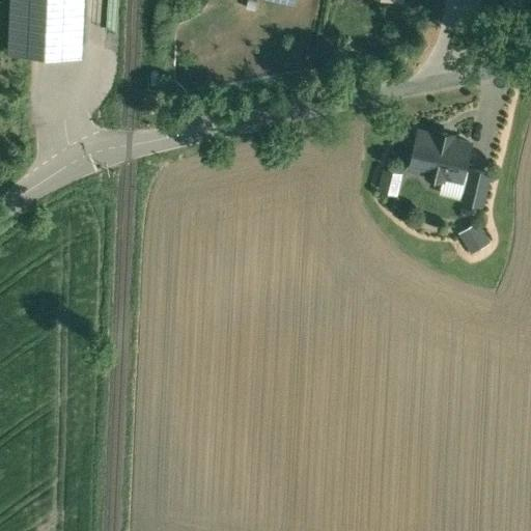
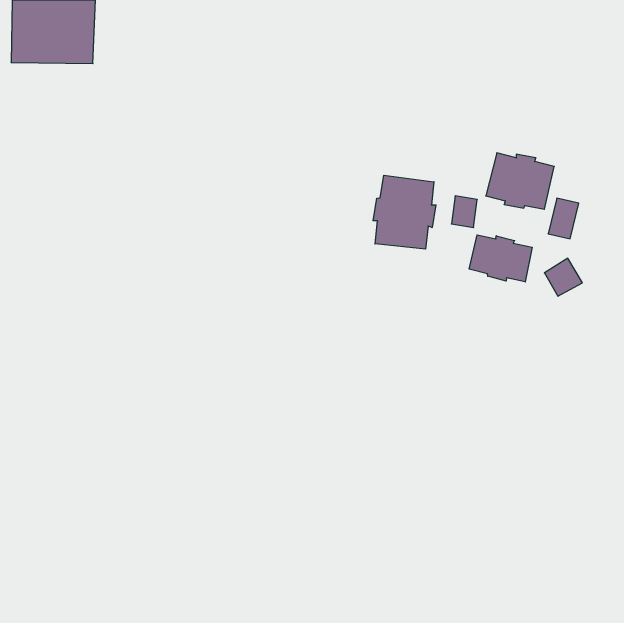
building: none -> [373,175,436,249]
building: none -> [469,235,532,282]

